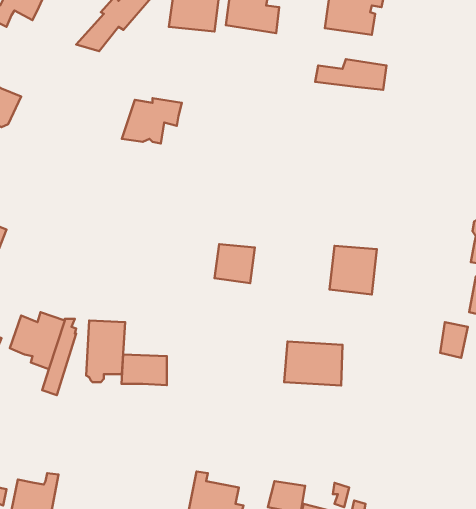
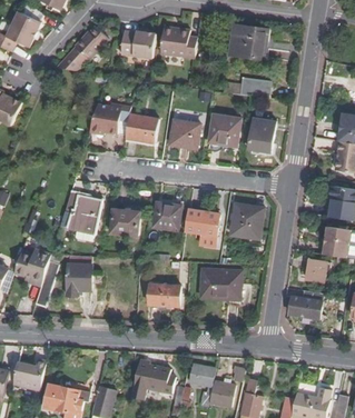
building: none -> [207,115,238,146]
building: none -> [124,116,157,145]
building: none -> [249,118,275,151]
building: none -> [170,120,199,149]
building: none -> [59,191,101,237]
building: none -> [109,210,138,237]
building: none -> [184,210,218,236]
building: [121,354,167,385] -> [148,285,179,306]
building: none -> [292,289,326,318]

